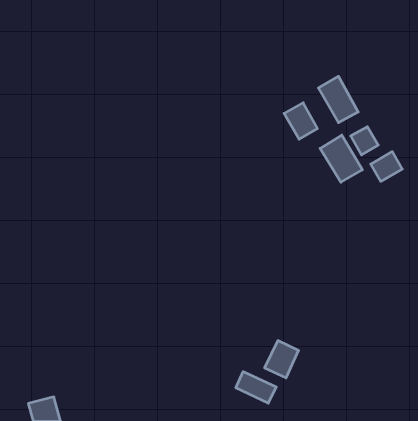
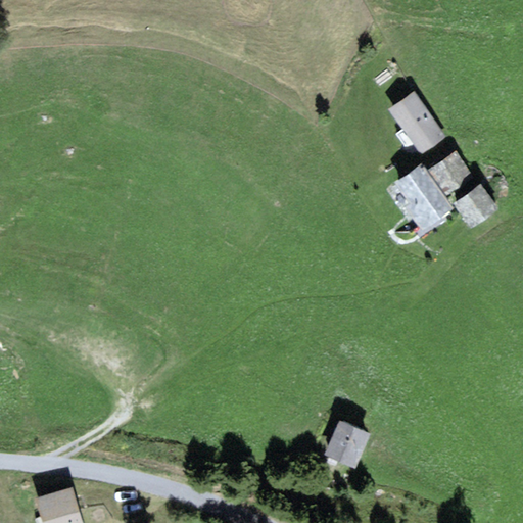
building: [284,103,317,139] -> none
building: [236,372,276,403] -> none

